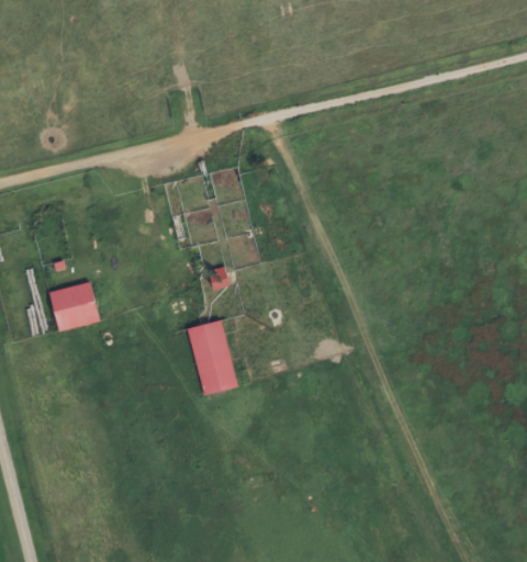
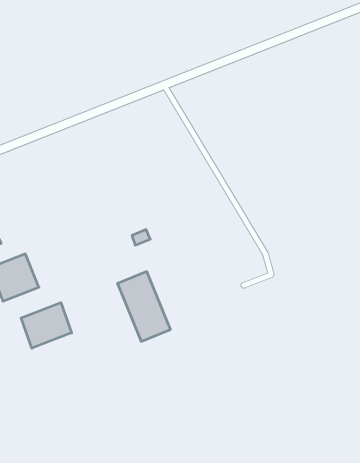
building: none -> [21,303,72,348]

